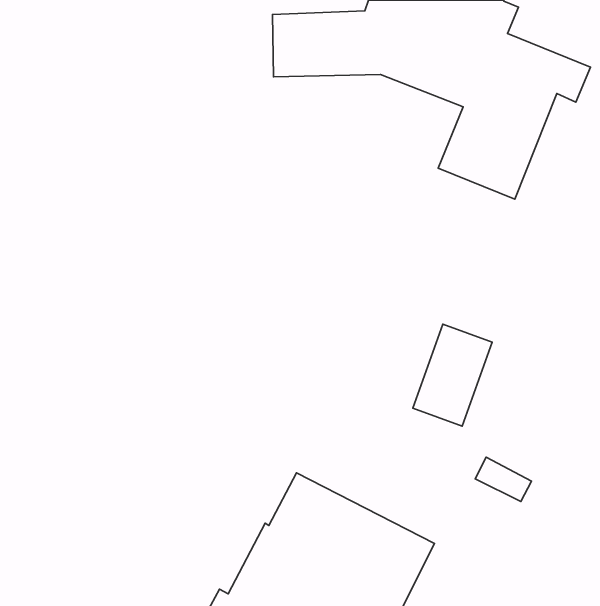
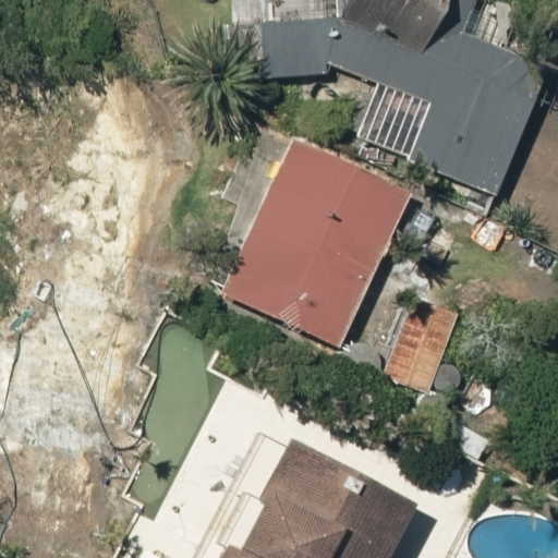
building: none -> [223,141,409,343]

